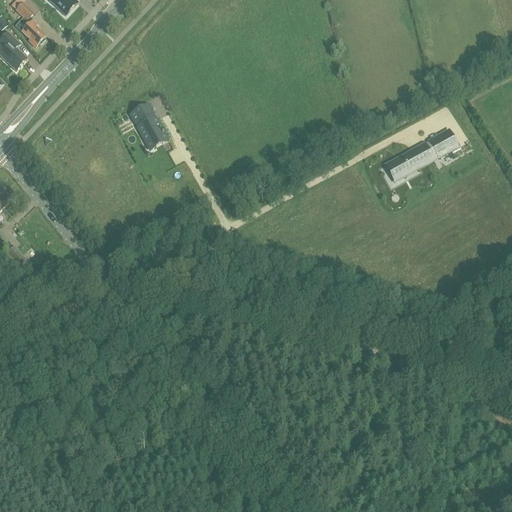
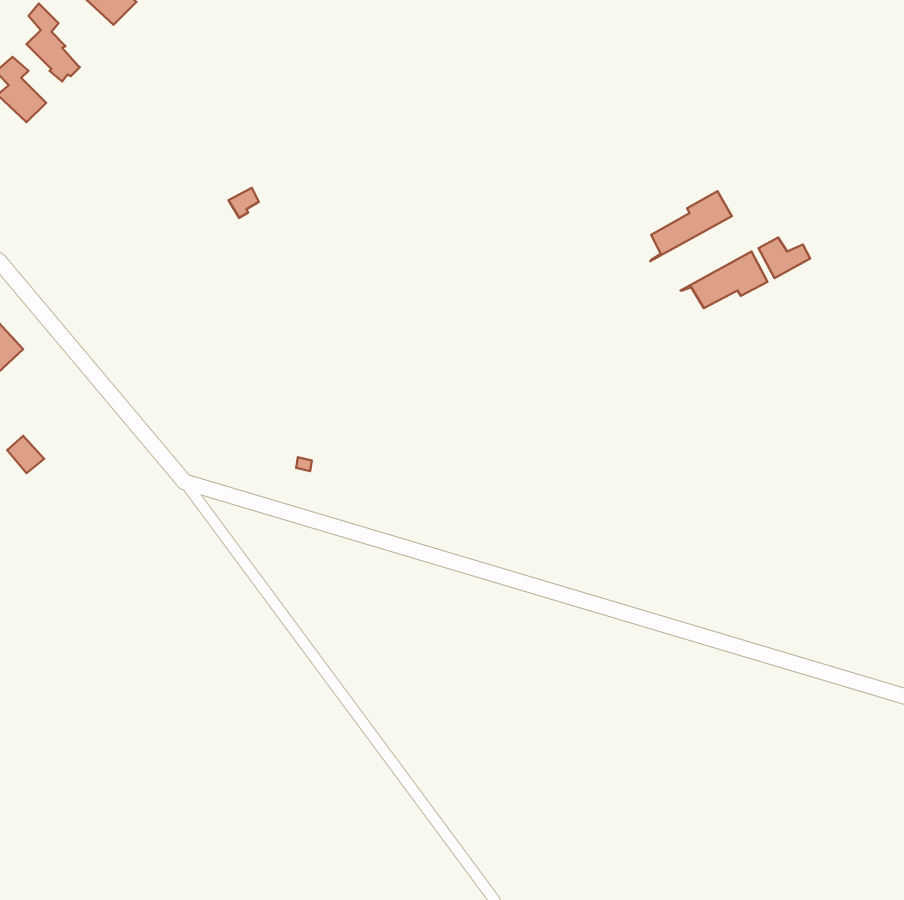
building: none -> [650,191,732,261]
building: [136,116,163,143] -> none

